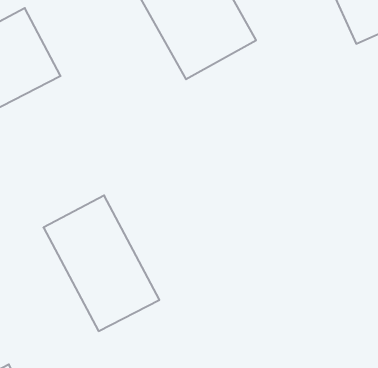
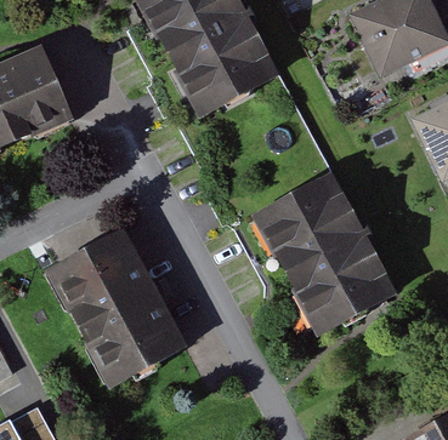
building: none -> [256,170,397,330]

